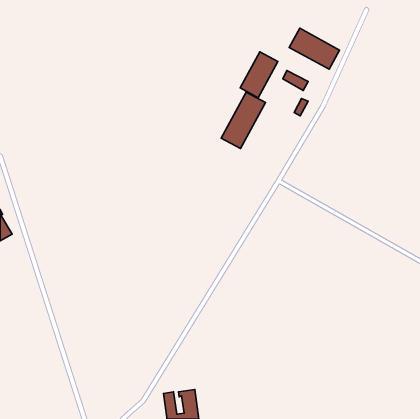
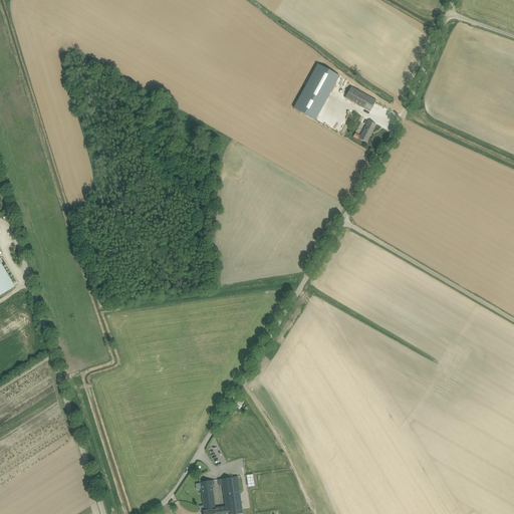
building: [289,28,340,69] -> none
building: [221,92,266,149] -> none

